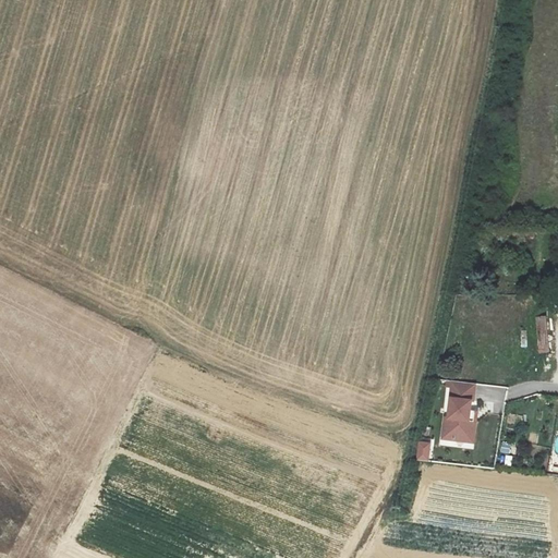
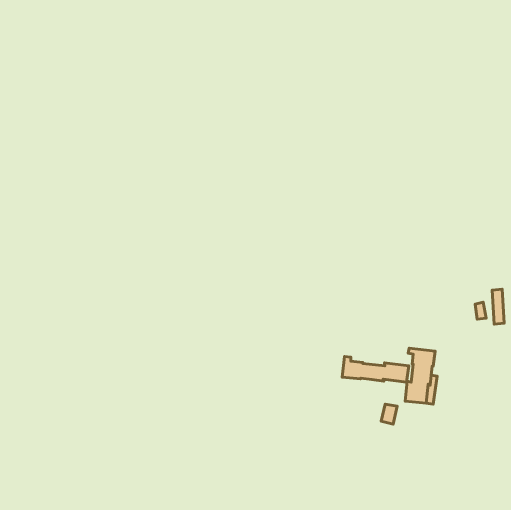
building: none -> [342,357,409,382]

